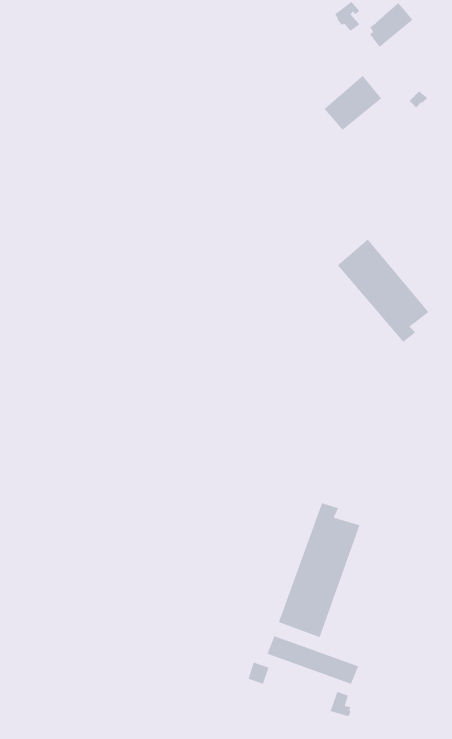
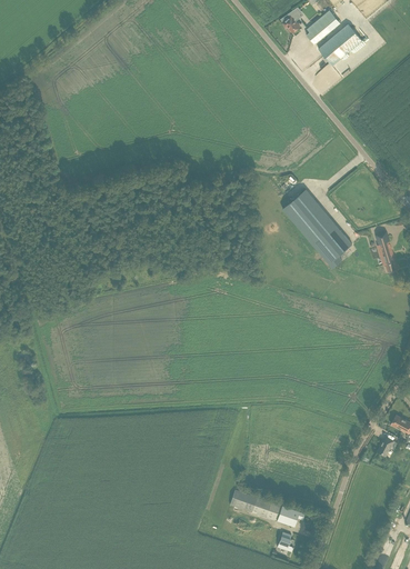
building: [323,75,382,131] -> [318,22,362,64]
building: [278,502,360,638] -> none

